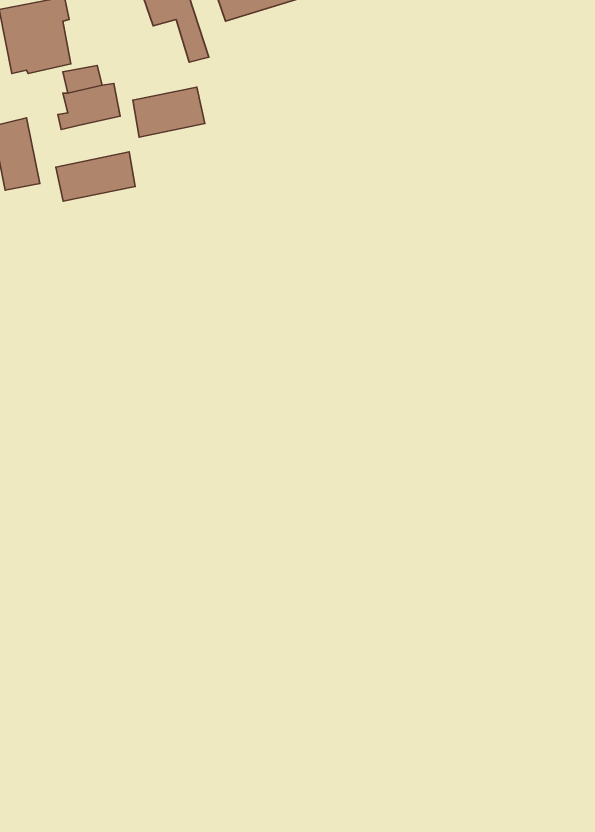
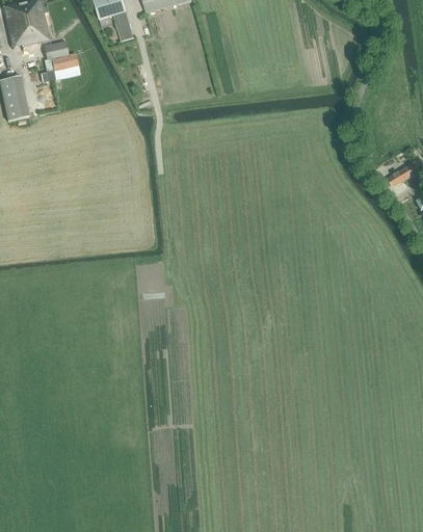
building: [133,87,205,137] -> none
building: [56,152,135,201] -> none

